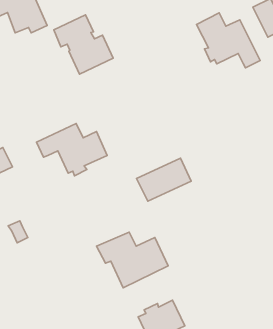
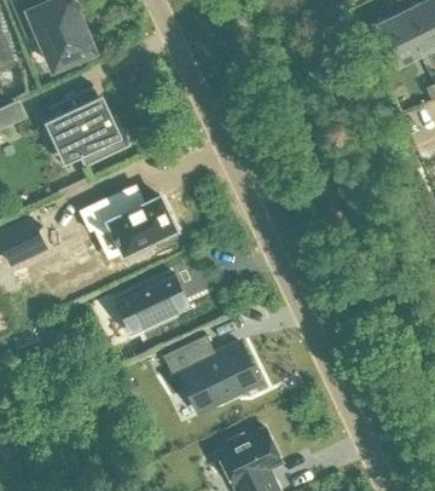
building: [197,13,260,68] -> none
building: [54,15,113,74] -> [50,87,130,168]
building: [136,158,191,201] -> [115,276,190,335]

